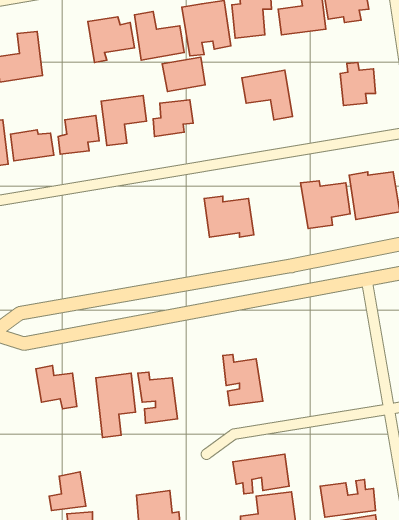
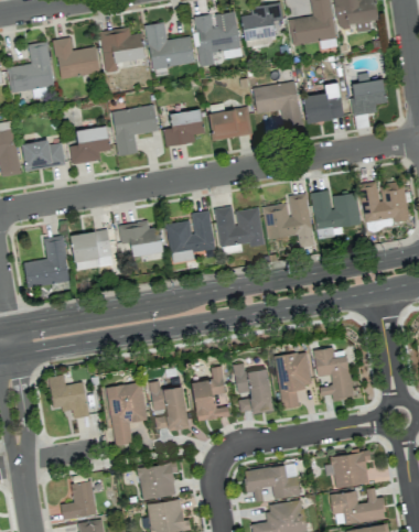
building: none -> [55,37,99,78]
building: [162,57,205,91] -> [210,107,253,141]
building: none -> [303,83,344,123]
building: none -> [262,194,314,247]
building: none -> [166,210,215,262]
building: none -> [118,220,164,257]
building: none -> [72,230,112,270]
building: none -> [24,236,69,287]
building: none -> [313,348,353,401]
building: none -> [276,351,311,410]
building: none -> [192,366,229,422]
building: none -> [331,450,372,488]
building: none -> [138,463,178,499]

